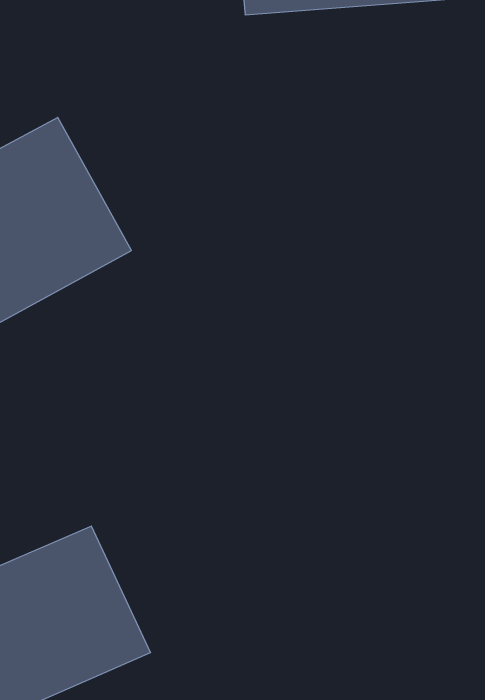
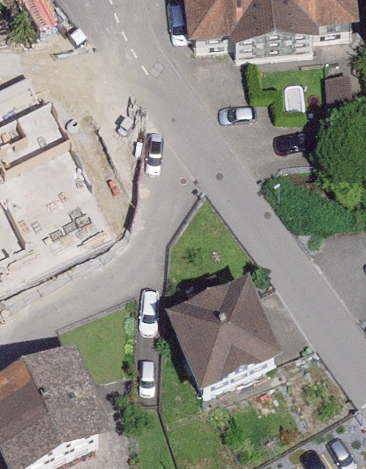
building: none -> [157,286,275,398]

